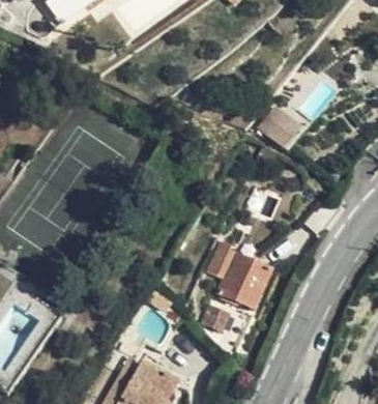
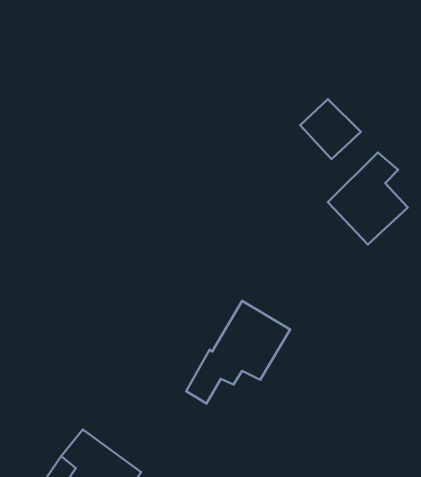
building: none -> [328,153,408,244]

